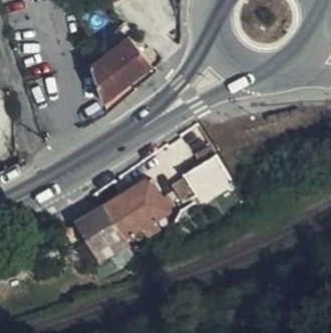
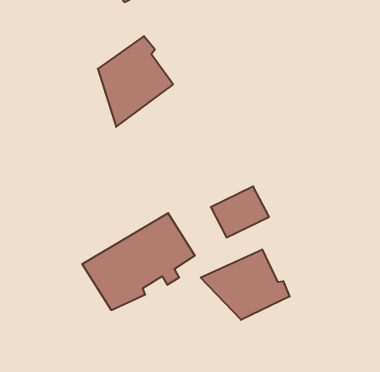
building: none -> [201,249,290,320]

